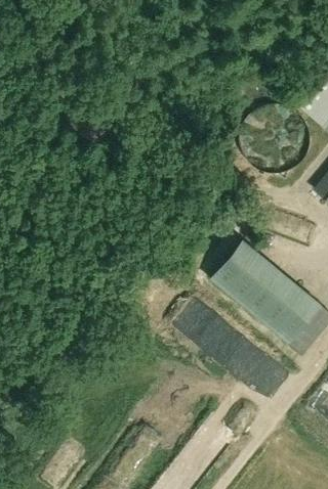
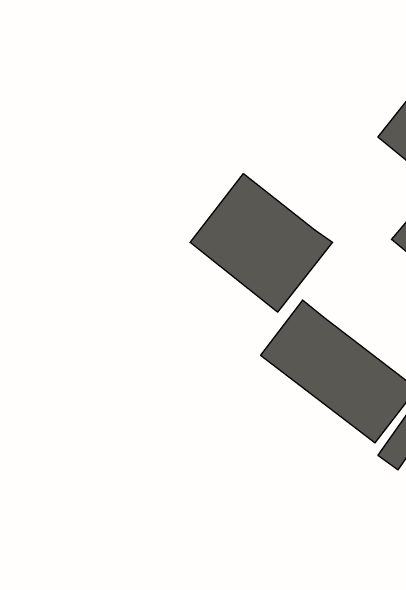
building: none -> [190,174,333,312]

